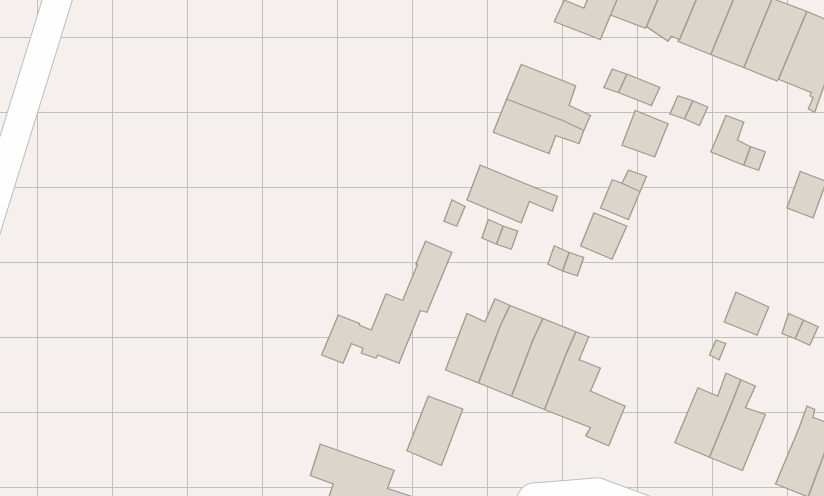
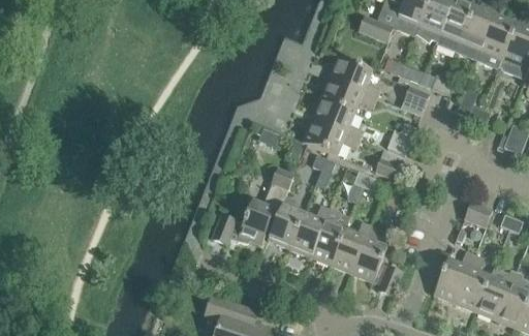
building: none -> [311,99,364,140]
building: [407,396,463,465] -> [268,205,303,248]
building: none -> [475,267,516,319]

